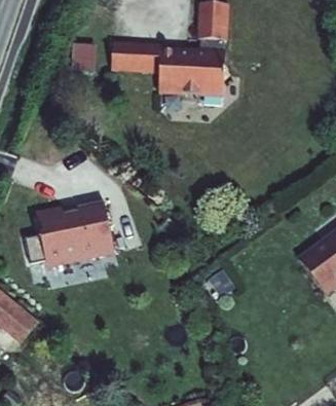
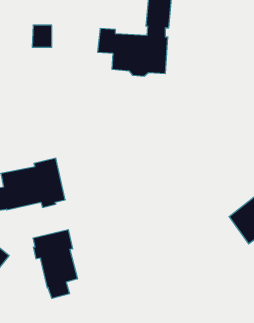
building: [110,37,143,69] -> none
building: none -> [33,230,77,298]

